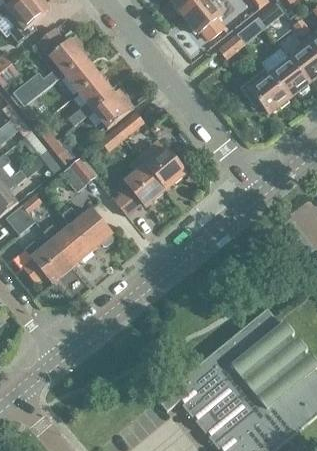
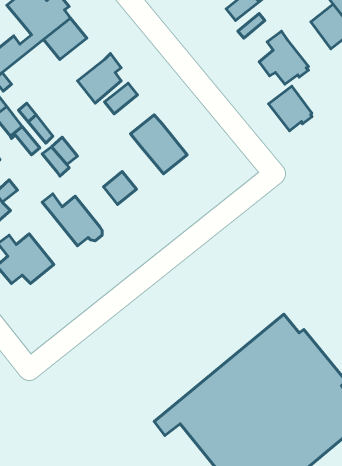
building: [270,60,307,98] -> [268,86,312,131]
building: [68,74,115,125] -> none
building: [124,164,165,206] -> none
building: [44,224,92,266] -> none

